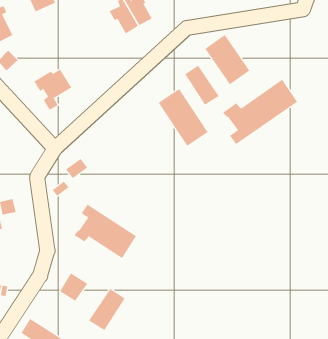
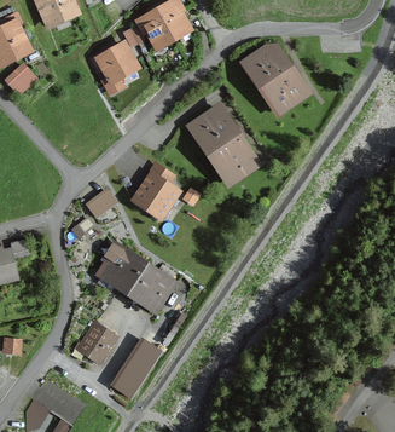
building: [185,65,219,105] -> none
building: [34,69,72,110] -> [92,45,136,93]
building: [222,79,298,145] -> none
building: none -> [132,165,175,217]

